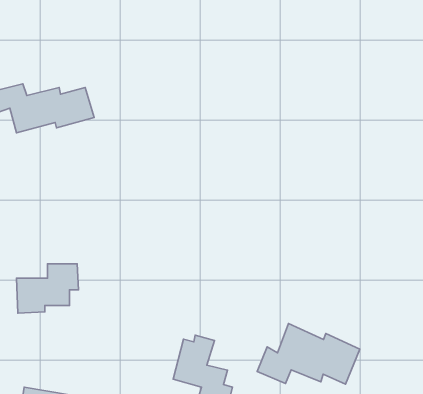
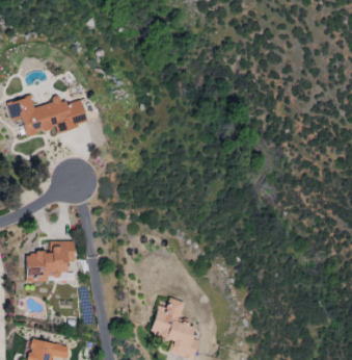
building: [257,324,360,384] -> none

